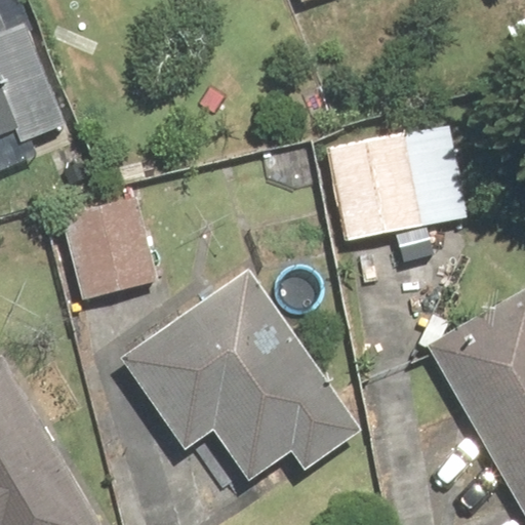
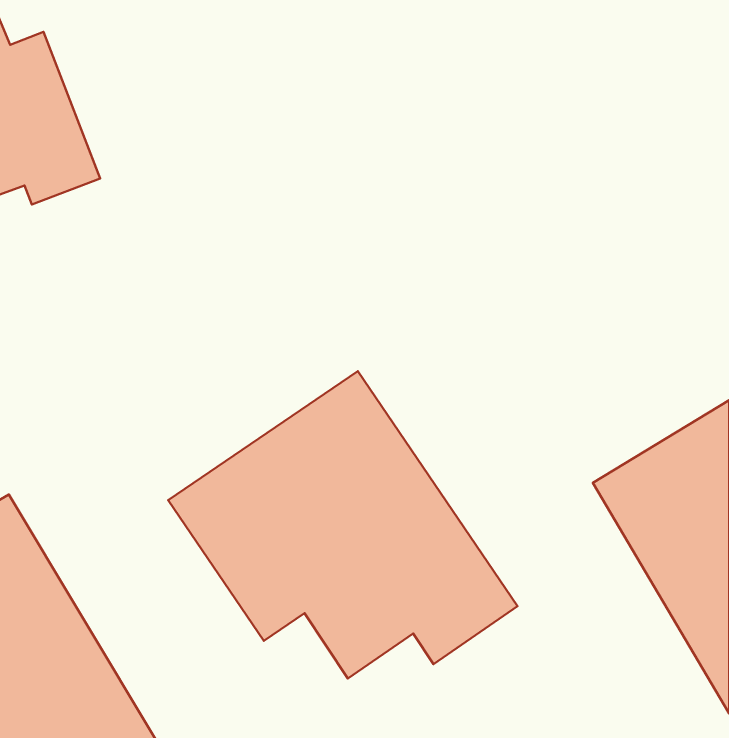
building: [321,123,472,244] -> none
building: [59,195,160,305] -> none

